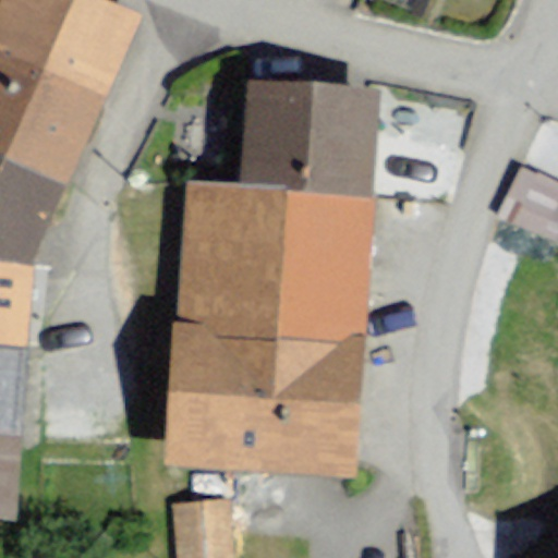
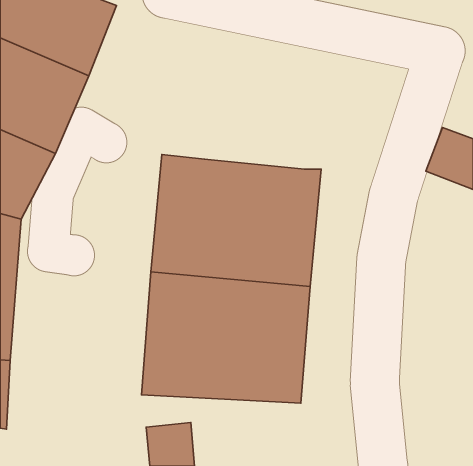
building: [241,82,369,199] -> none

